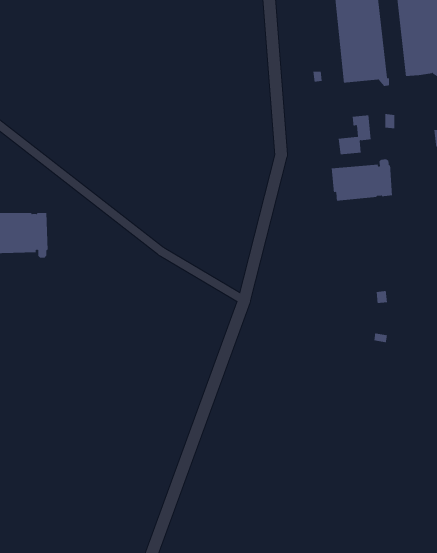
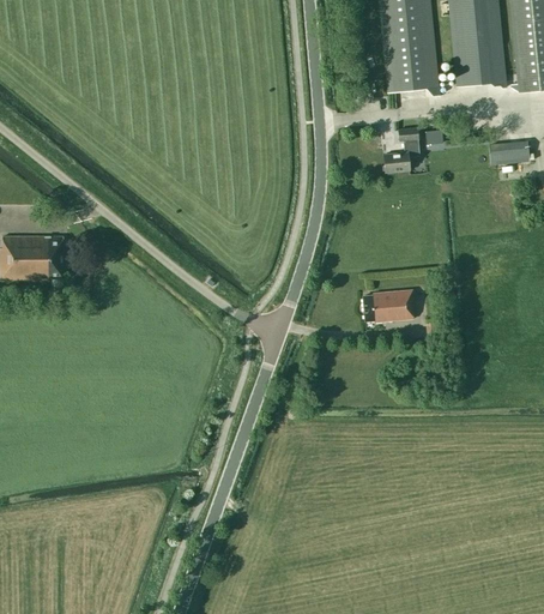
building: [331,159,392,202] -> none
building: none -> [363,289,415,321]

